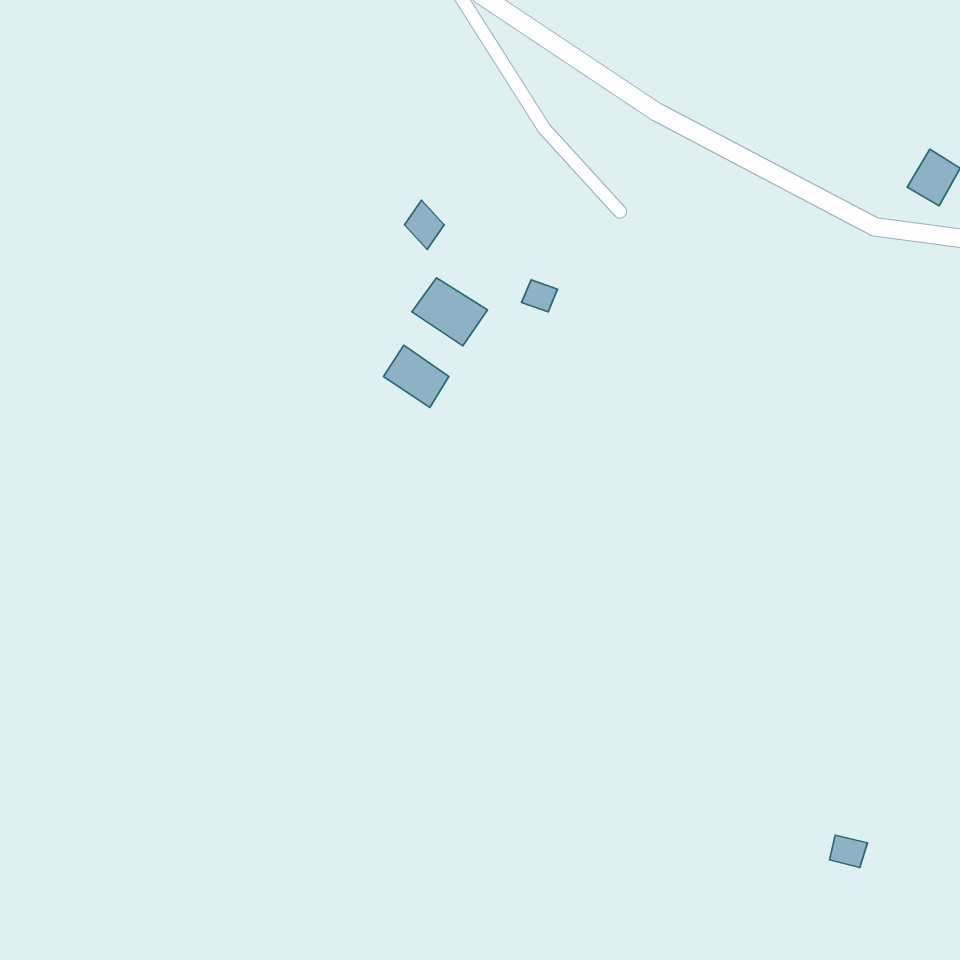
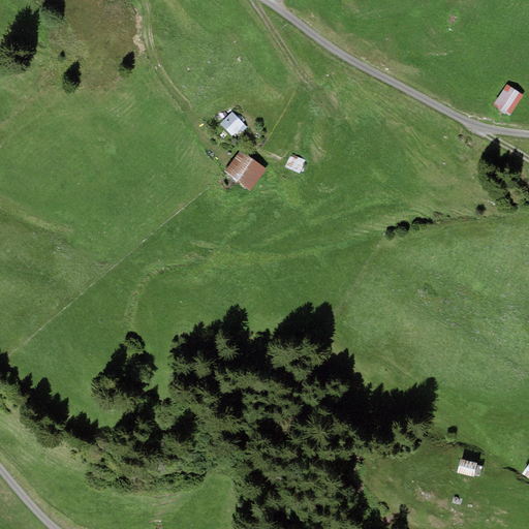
building: [384,345,449,407] -> none

